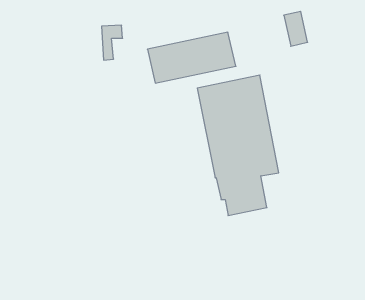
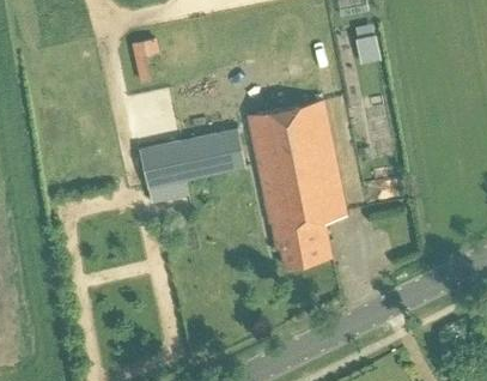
building: [147,32,236,83] -> [142,131,249,192]

